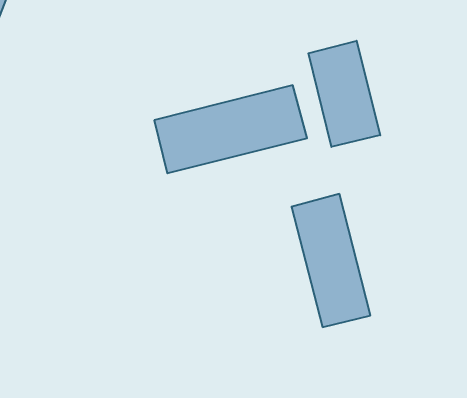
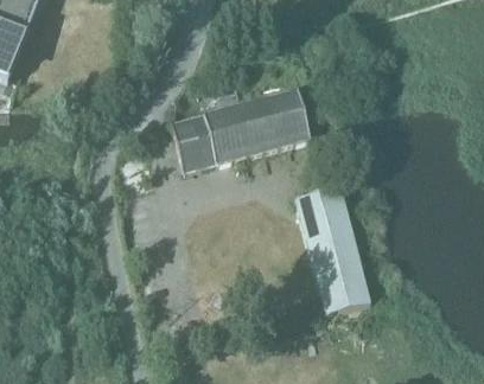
building: [308,41,380,147] -> none

